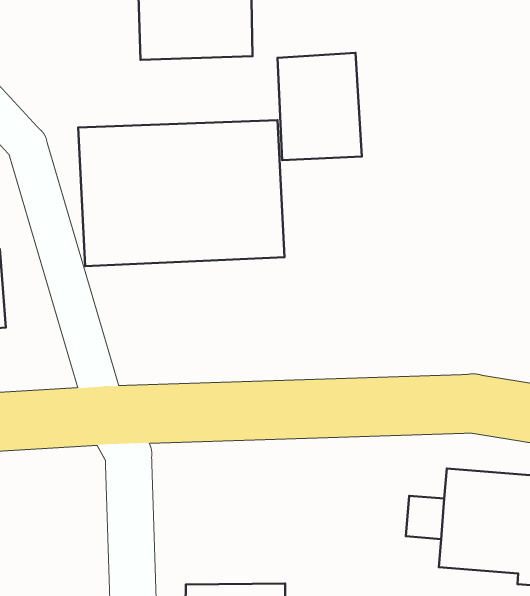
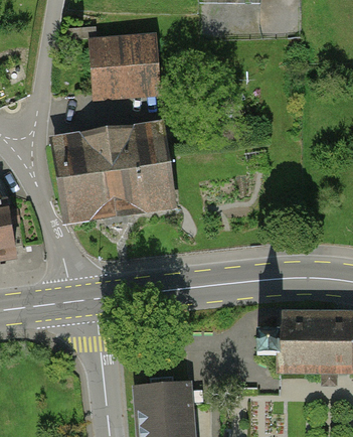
building: [278,53,362,160] -> none

